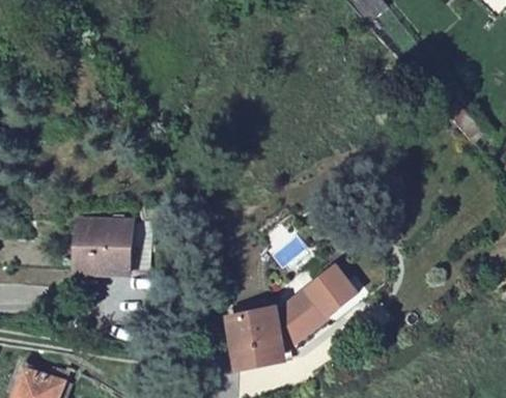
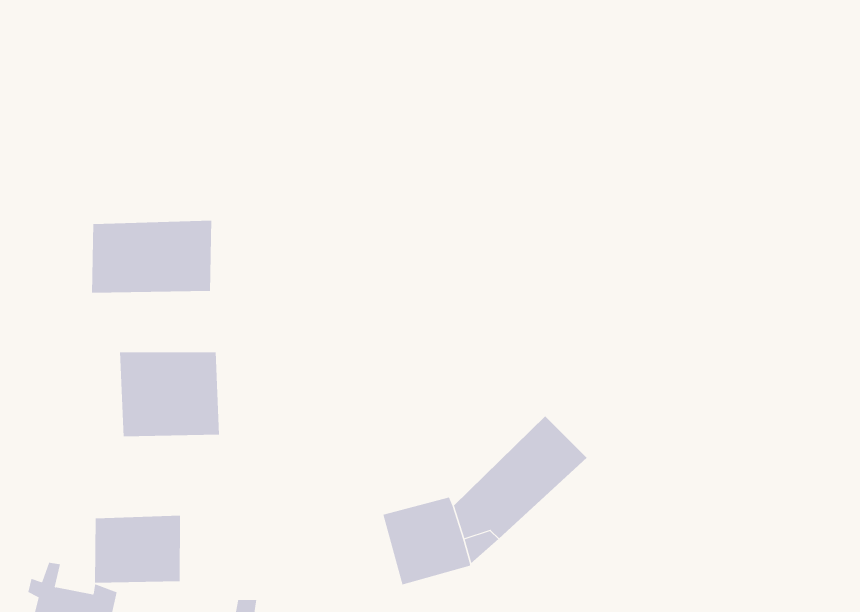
building: none -> [92,220,212,294]
building: none -> [95,515,181,583]

